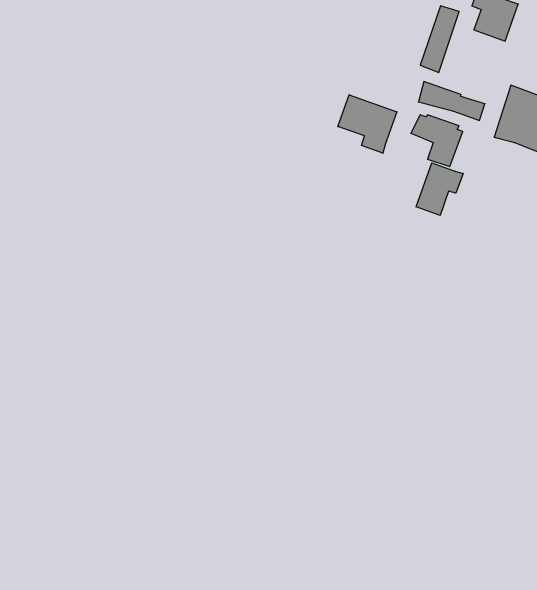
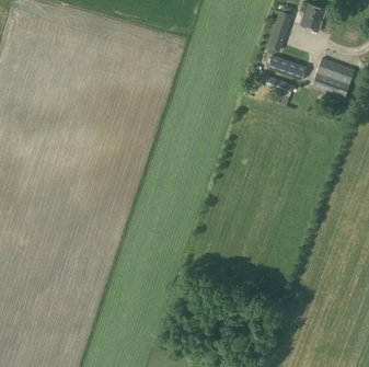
building: [338,95,397,153] -> none
building: [416,163,463,215] -> none

